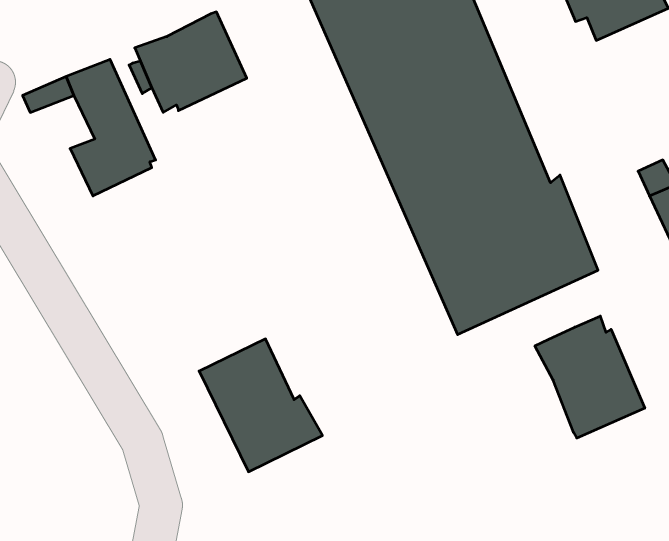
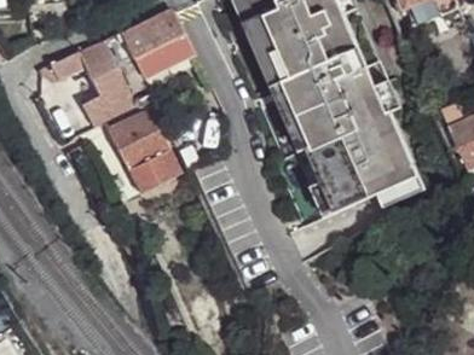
building: [535,316,645,438] -> none
building: [199,339,322,472] -> [108,107,186,192]

